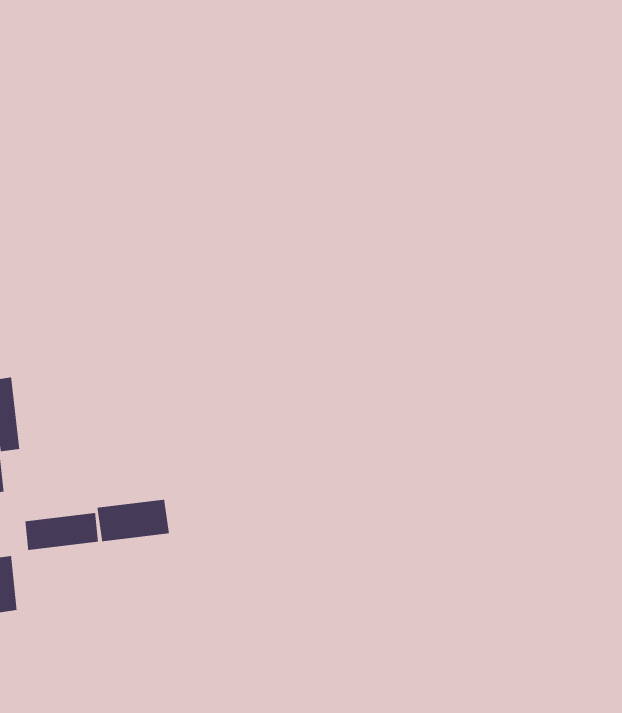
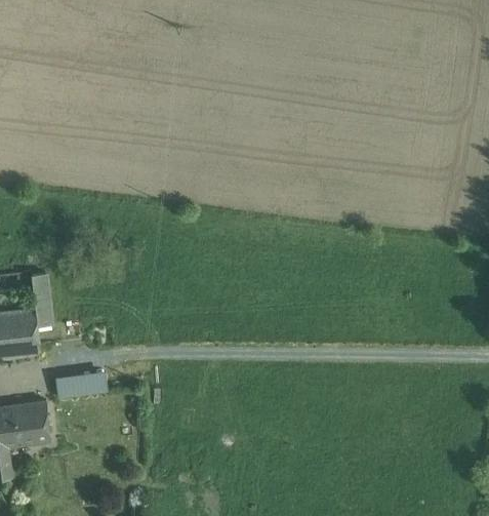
building: [97,499,170,542] -> none

